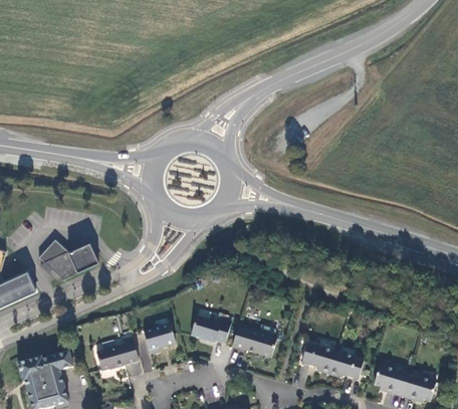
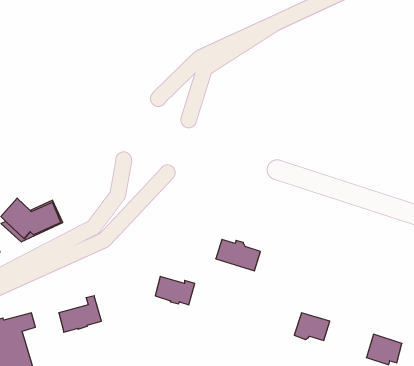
building: [144,323,176,353] -> none
building: [233,326,277,357] -> [216,239,260,271]
building: [302,342,336,373] -> none
building: [375,364,408,395] -> none

